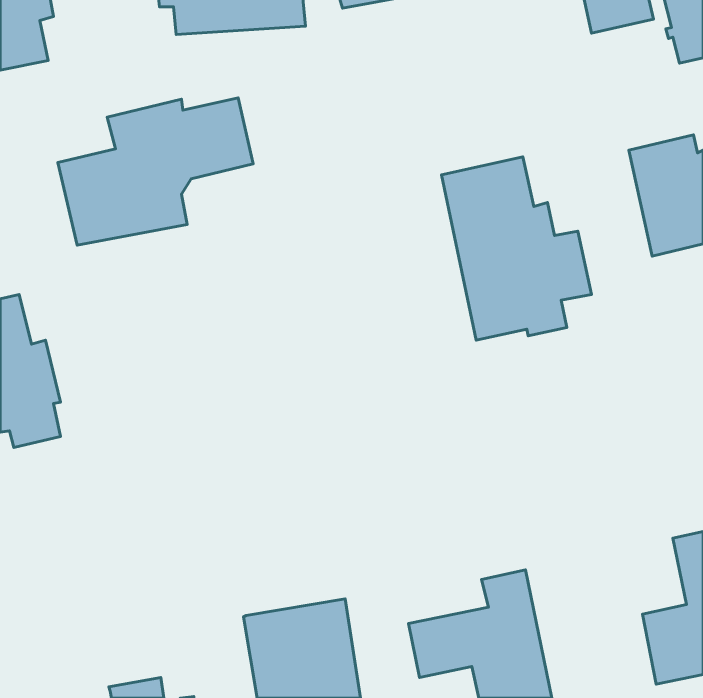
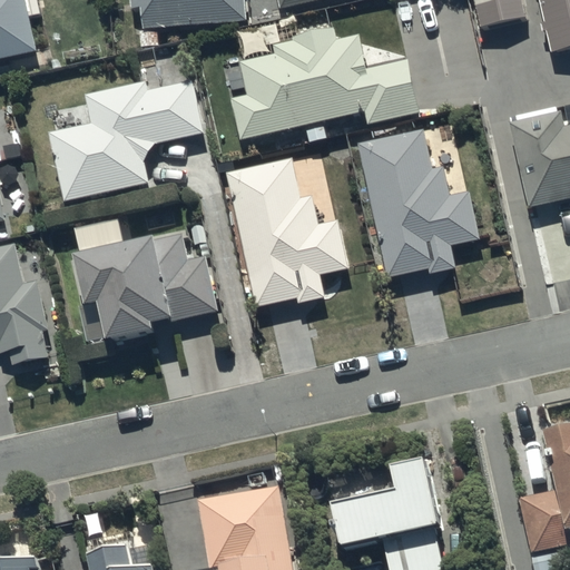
building: none -> [234,28,421,140]
building: none -> [224,156,350,306]
building: none -> [71,232,219,342]

